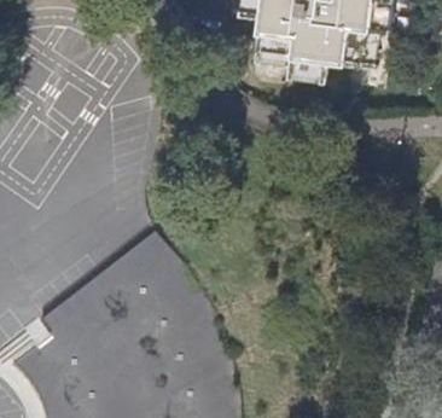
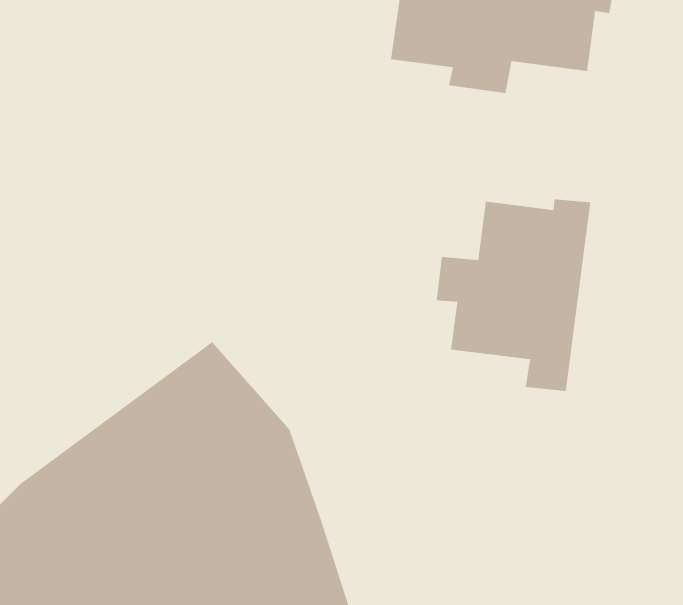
building: none -> [436,199,591,392]

